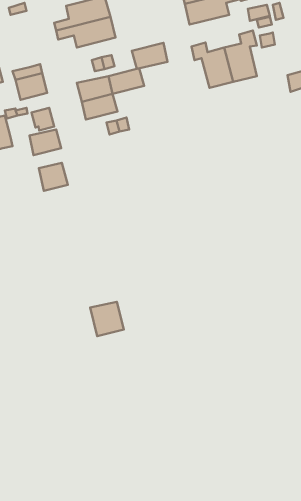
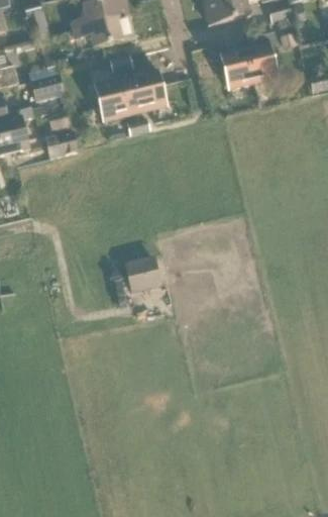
building: [132,43,167,69] -> [130,88,167,114]
building: [39,163,68,191] -> none
building: [90,302,124,336] -> [125,257,159,293]

